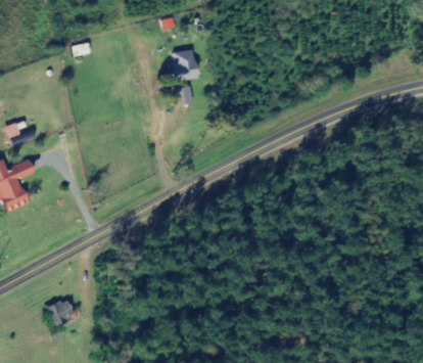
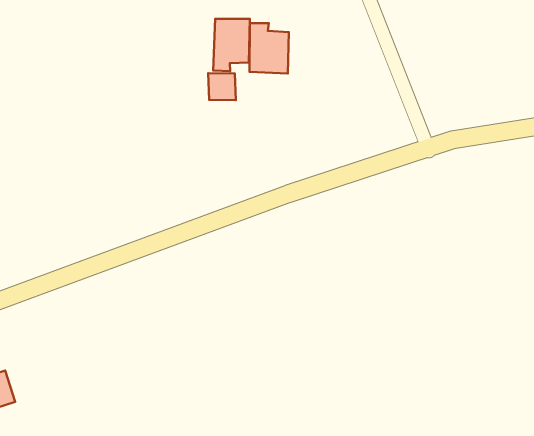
building: none -> [249,23,289,74]

